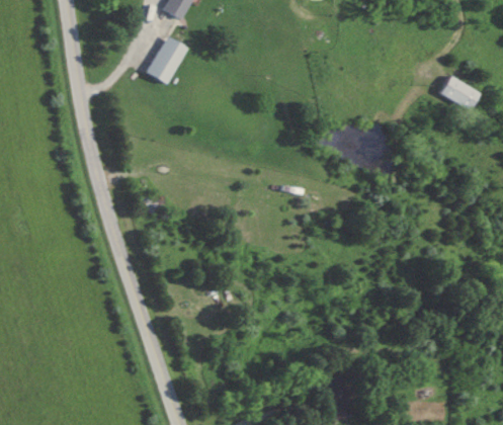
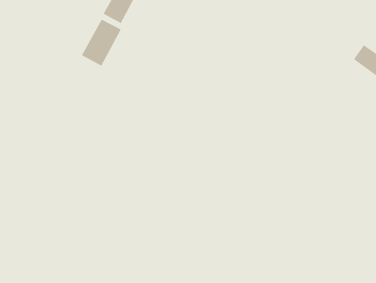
building: none -> [81,19,121,67]

